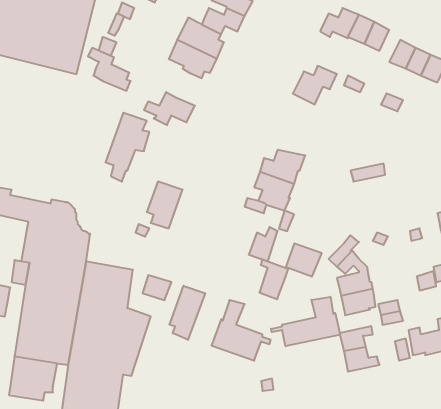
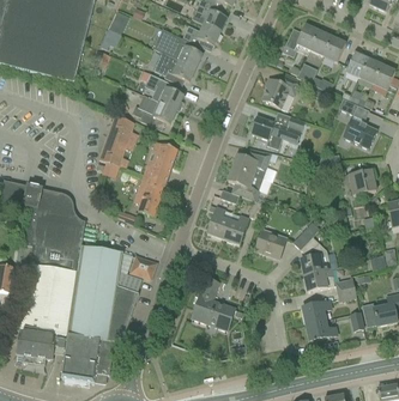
building: [88,48,131,91] -> [146,73,183,110]
building: none -> [249,115,304,147]
building: none -> [343,117,376,148]
building: none -> [144,141,177,182]
building: none -> [343,169,376,194]
building: [259,259,288,299] -> [207,203,232,238]
building: [170,286,205,340] -> none
building: [271,297,340,346] -> none

